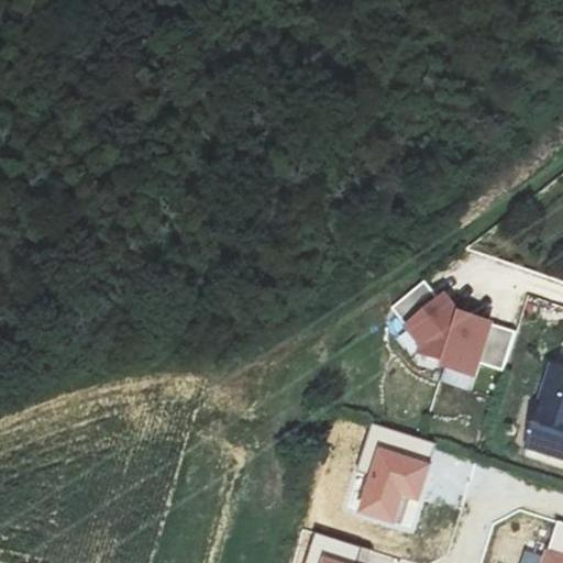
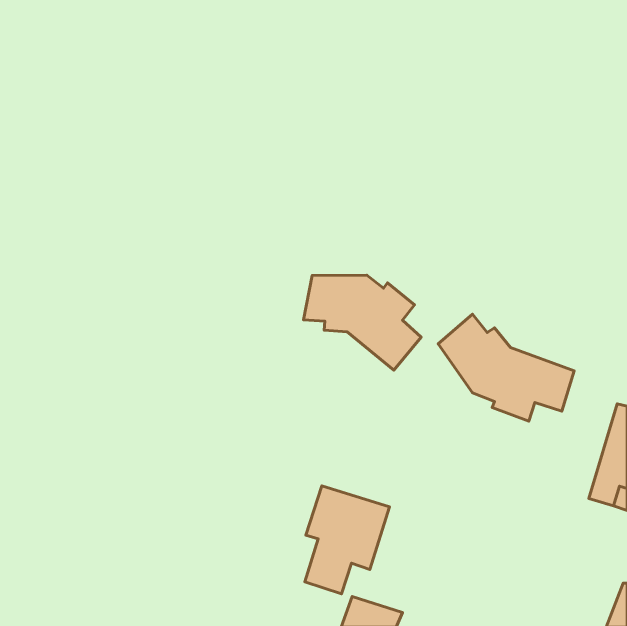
building: none -> [304,275,421,370]
building: [358,427,434,523] -> [305,486,389,594]

